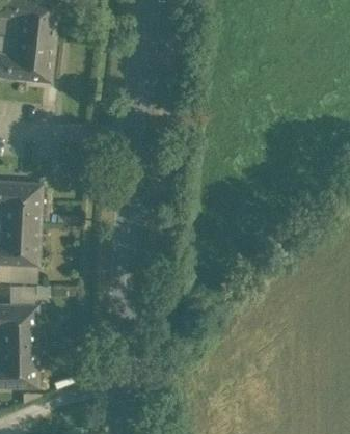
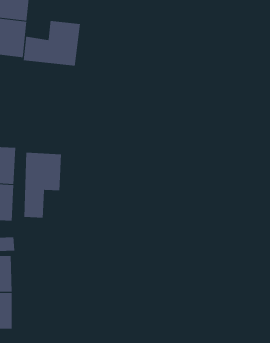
building: none -> [23,20,81,66]
building: none -> [24,152,61,219]

